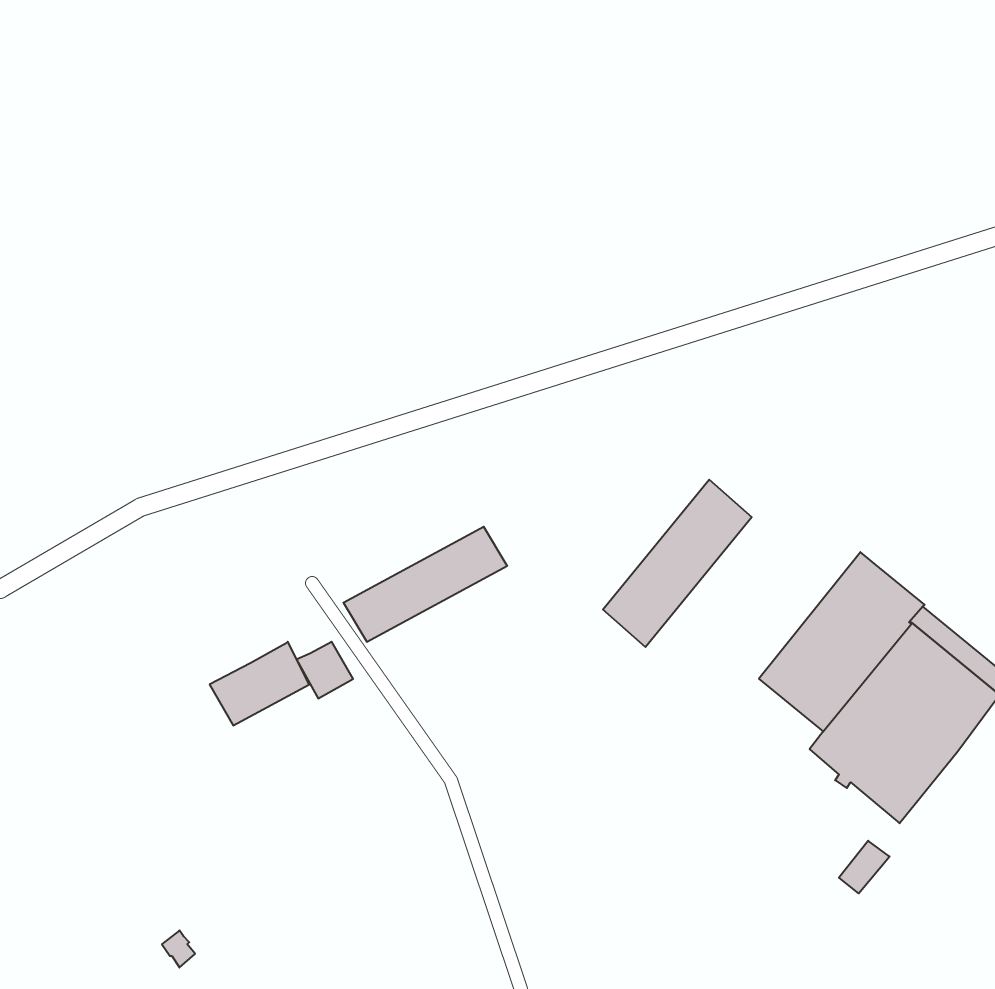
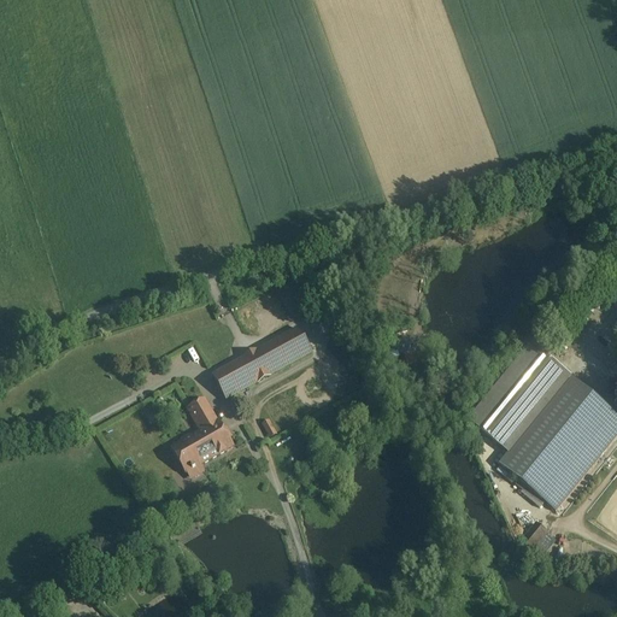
building: [603,480,752,647] -> none
building: [210,642,309,725] -> [172,418,234,470]

